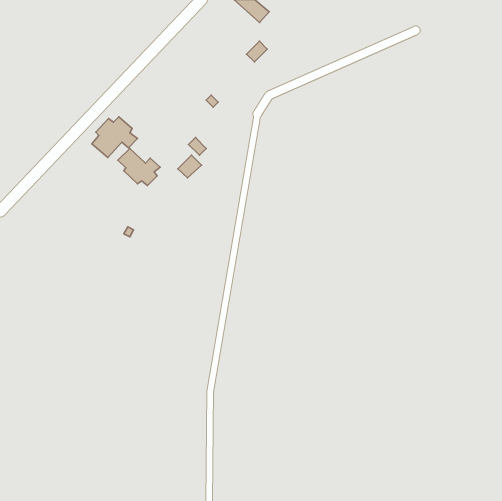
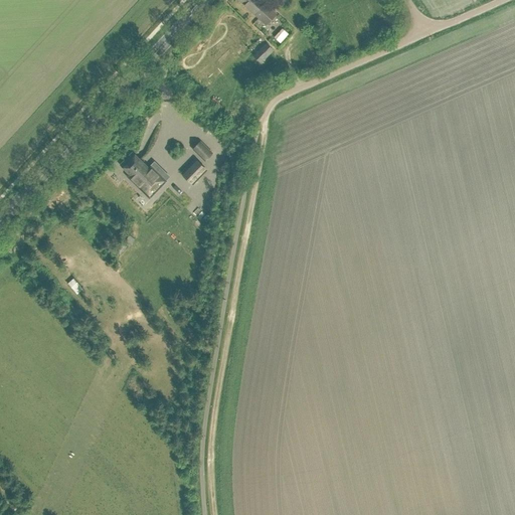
building: [92,117,137,158] -> none

